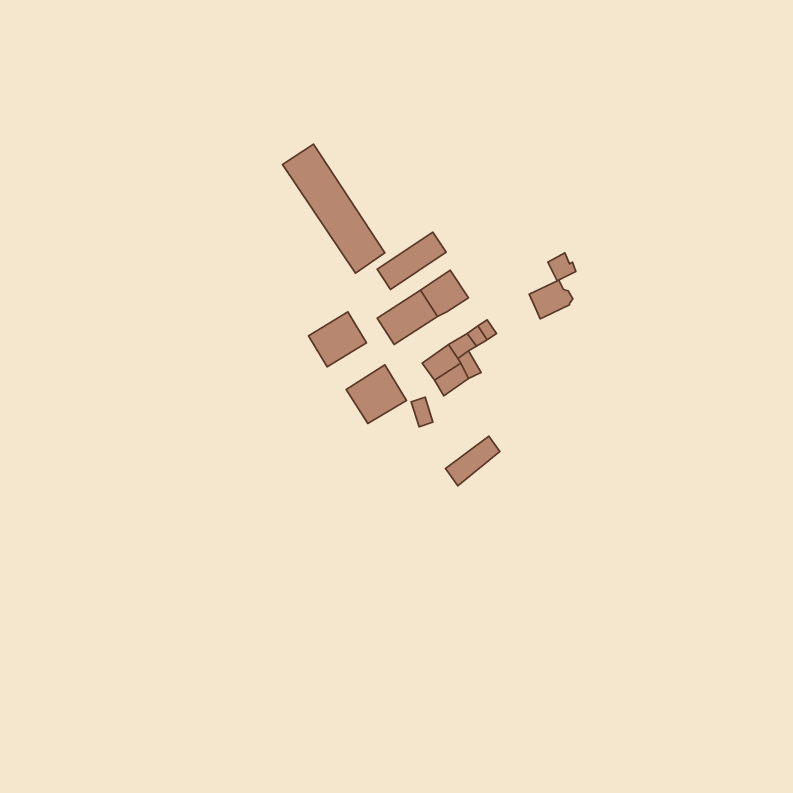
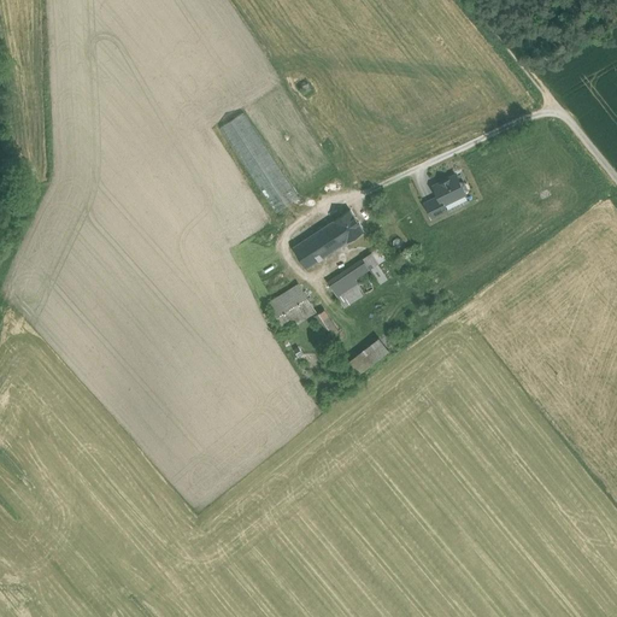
building: [377,232,446,289] -> none
building: [529,280,573,319] -> [434,175,468,205]
building: [309,312,367,367] -> none

